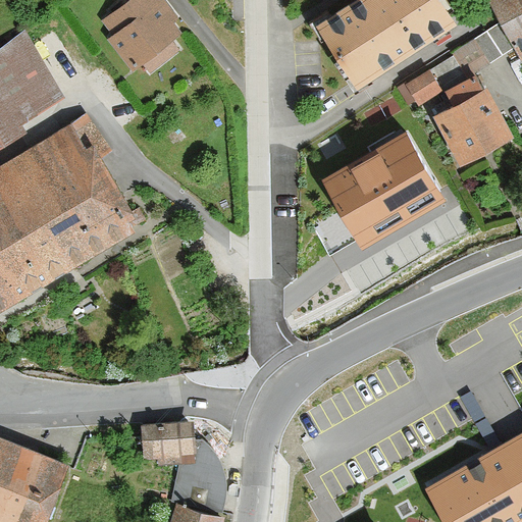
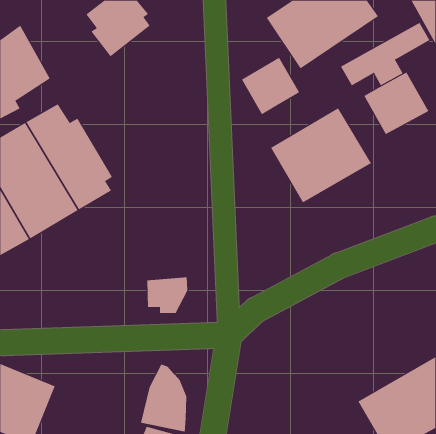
building: none -> [241,57,300,115]
building: [142,421,192,465] -> [146,277,188,314]

